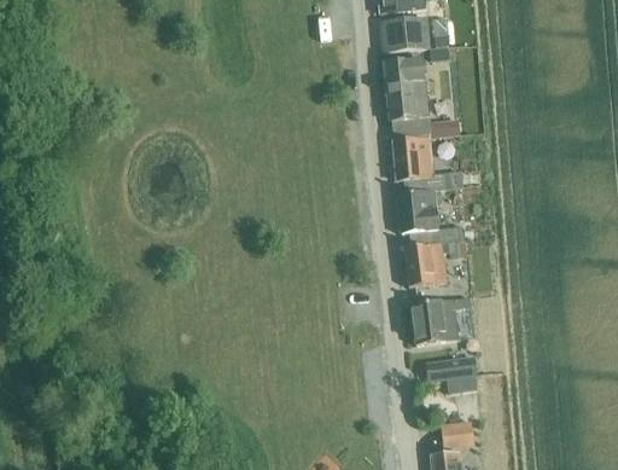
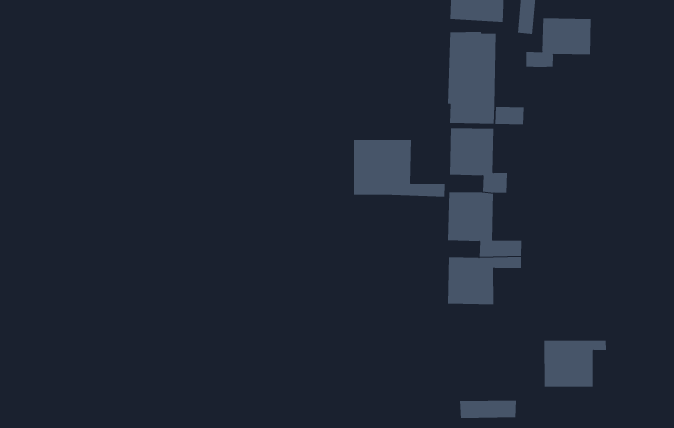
building: none -> [526,17,591,68]
building: none -> [353,139,445,198]
building: [412,298,465,343] -> [543,340,607,387]

